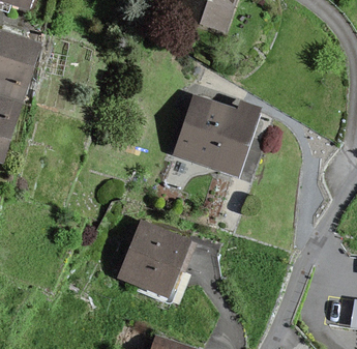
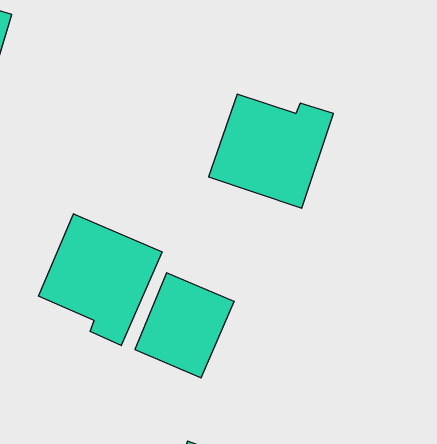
building: none -> [39,214,162,346]

